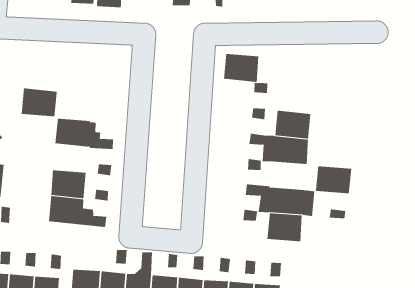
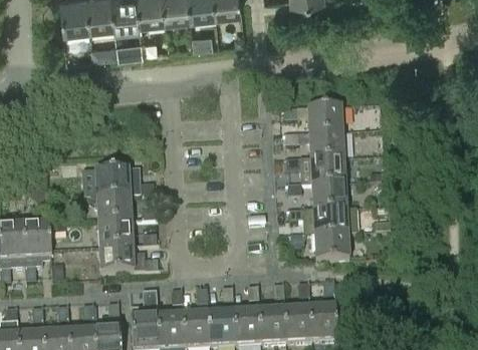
building: [223,54,259,83] -> [307,104,342,131]
building: [21,88,58,117] -> [95,193,131,220]
building: [315,166,352,194] -> [311,181,346,208]

